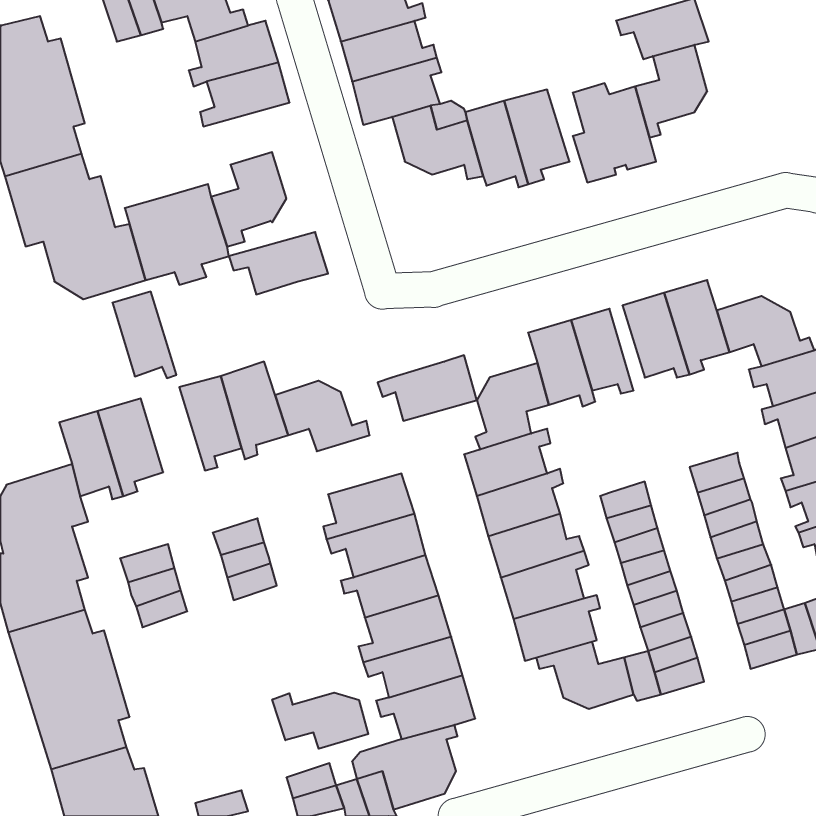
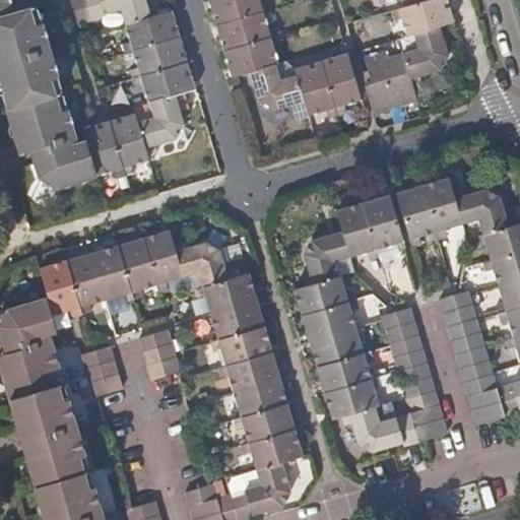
building: [229,232,328,294] -> [130,65,193,105]
building: [112,292,176,378] -> [90,246,131,301]
building: [378,355,477,421] -> [193,272,256,314]
building: [272,693,368,749] -> none

